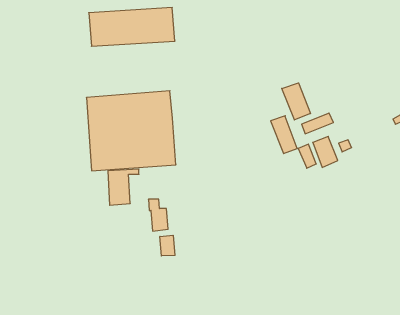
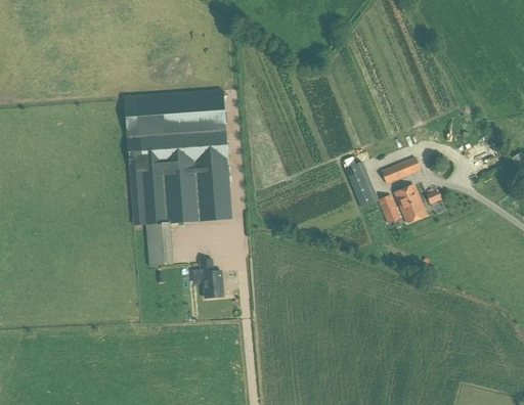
building: [89,8,175,46] -> [123,90,225,136]
building: [282,83,310,120] -> none
building: [160,235,175,256] -> none

